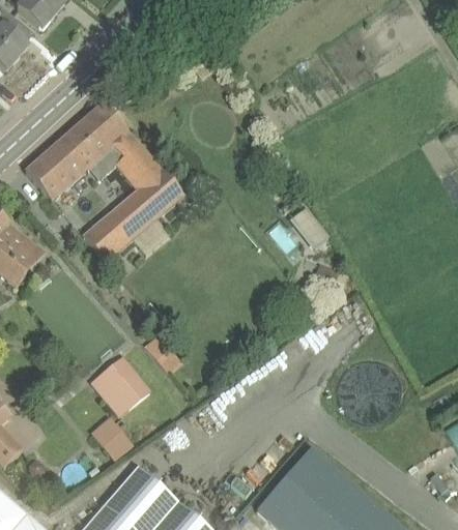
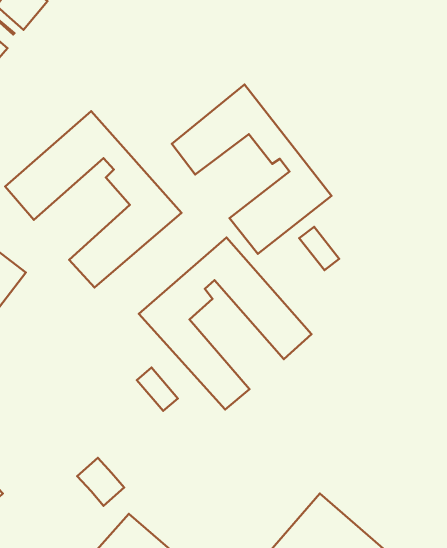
building: none -> [172,85,331,254]
building: none -> [139,237,312,410]
building: [90,356,150,417] -> none

